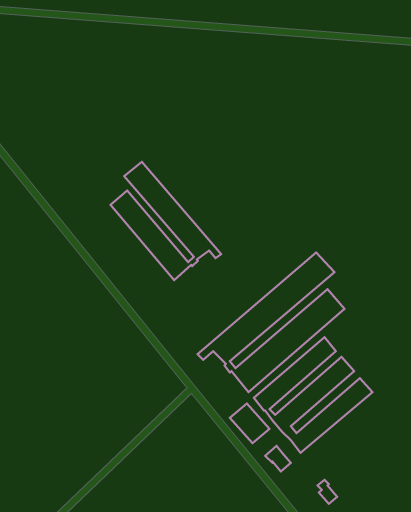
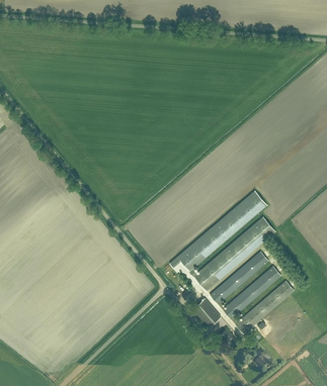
building: [110,162,221,280] -> none

